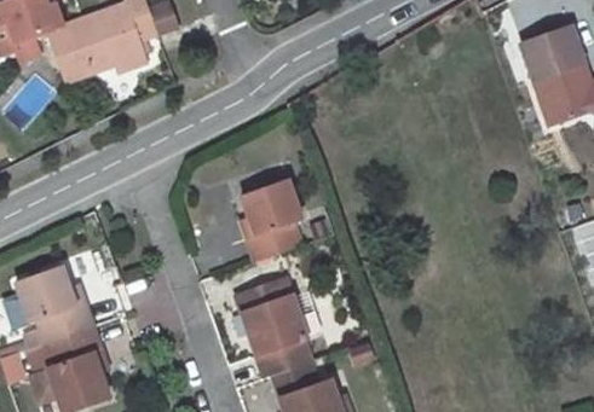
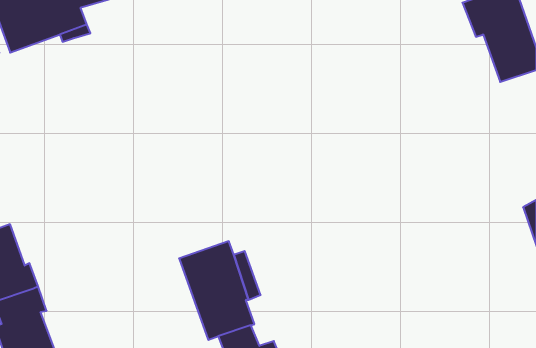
building: [241,184,304,263] -> none

